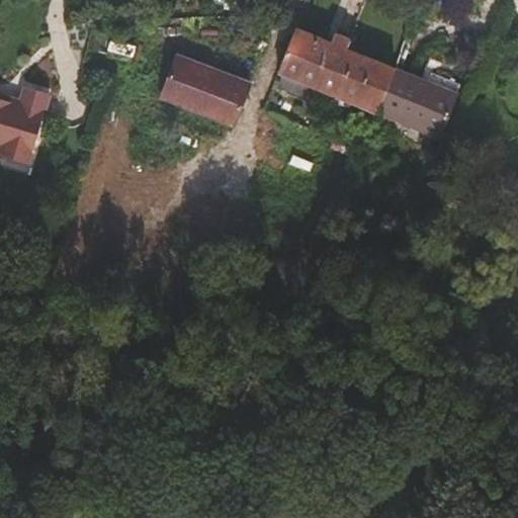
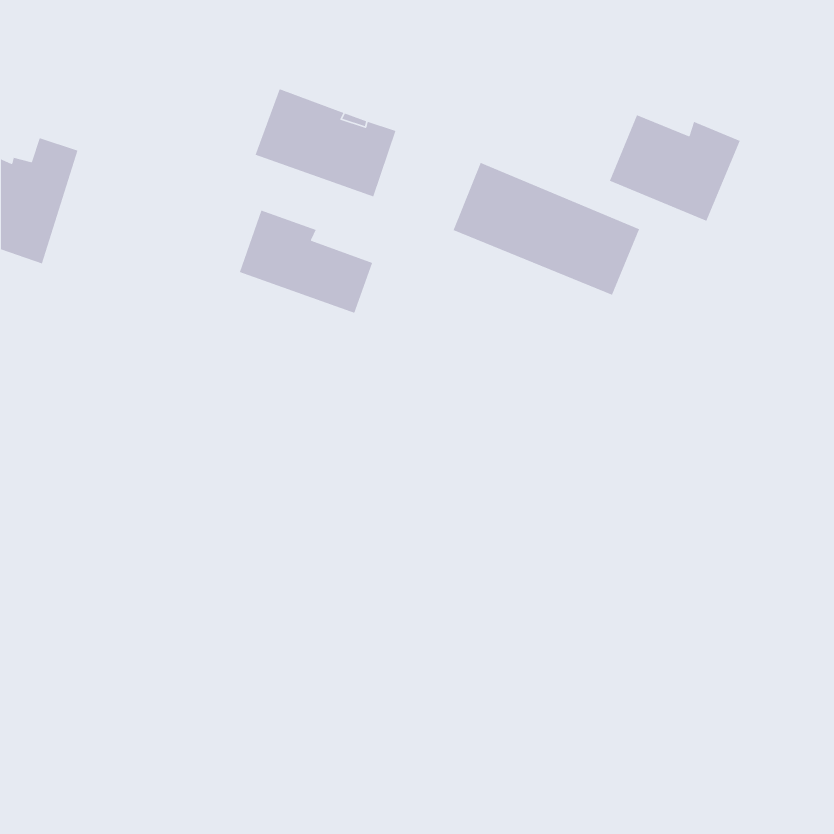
building: [278,29,395,112] -> [452,162,640,296]
building: none -> [239,210,373,314]

